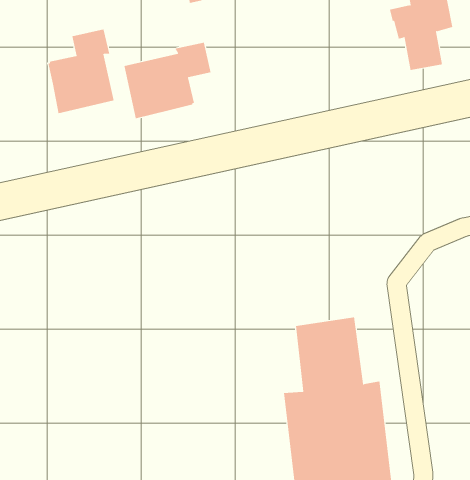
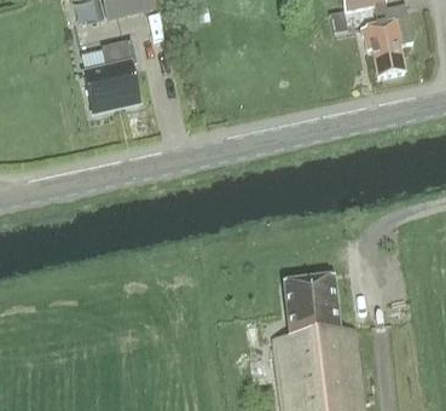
building: [124,42,211,119] -> none

